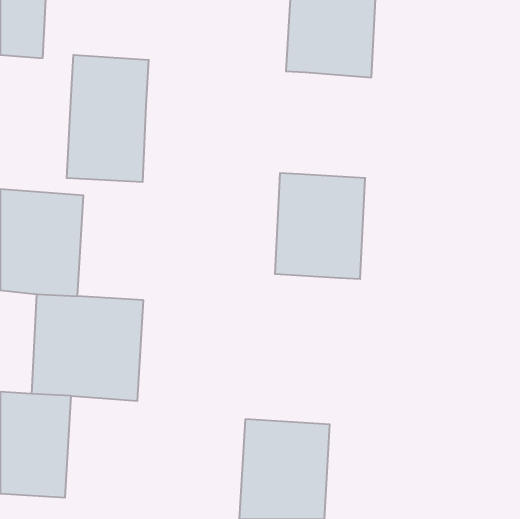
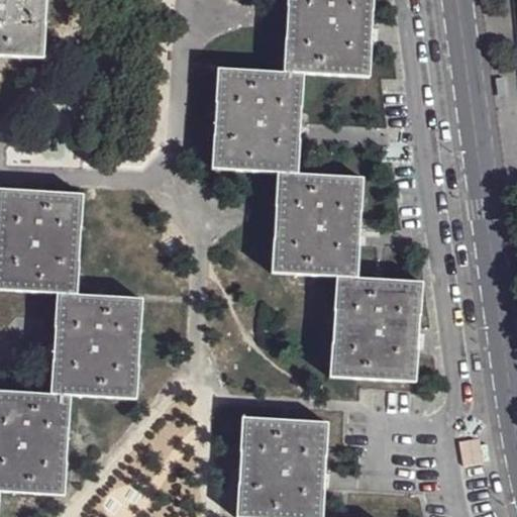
building: [67,55,149,182] -> none
building: none -> [213,68,303,173]
building: none -> [330,276,422,381]

